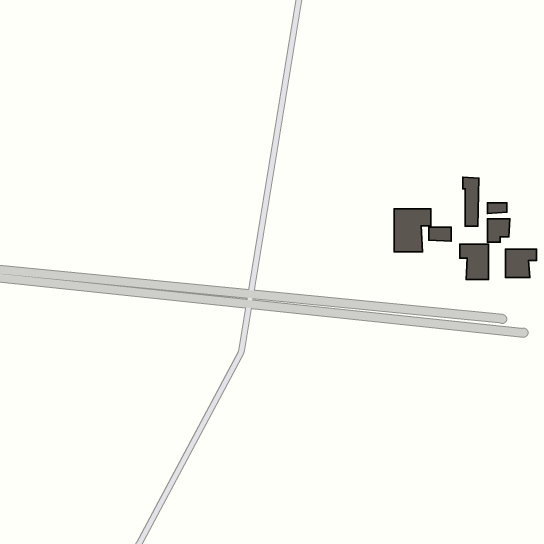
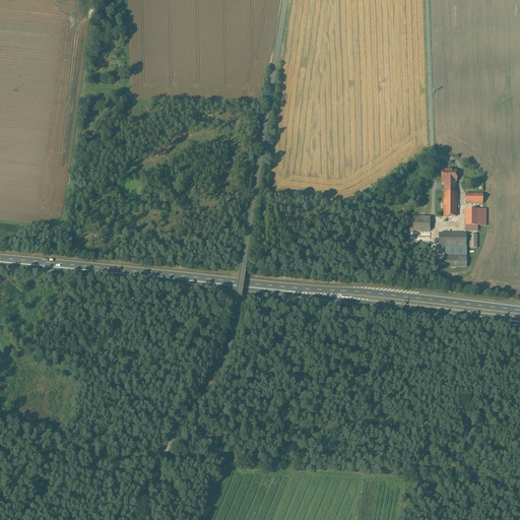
building: [394,209,431,252] -> none
building: [506,249,537,278] -> none

